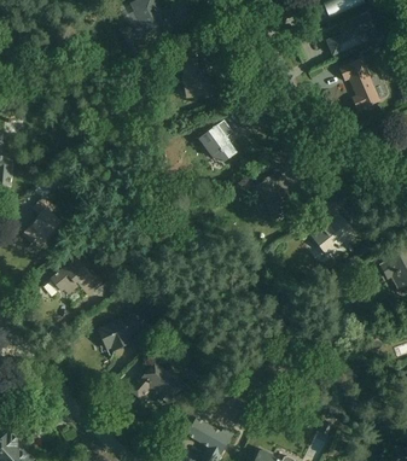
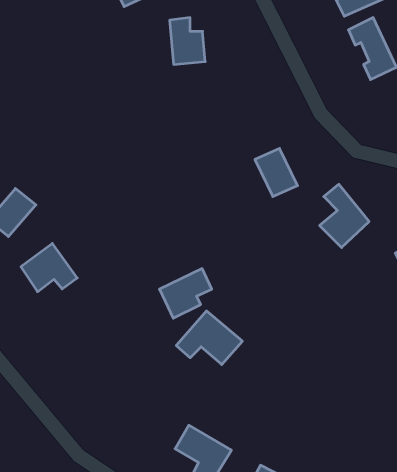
building: [198,123,237,165] -> none
building: [97,311,143,355] -> [159,269,212,318]
building: [128,360,186,407] -> [176,311,242,365]

